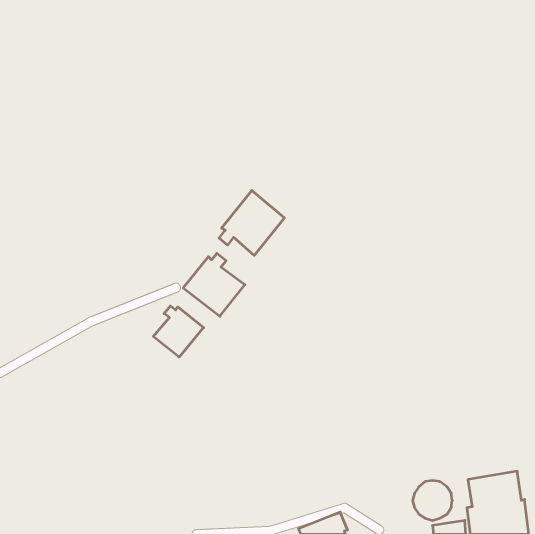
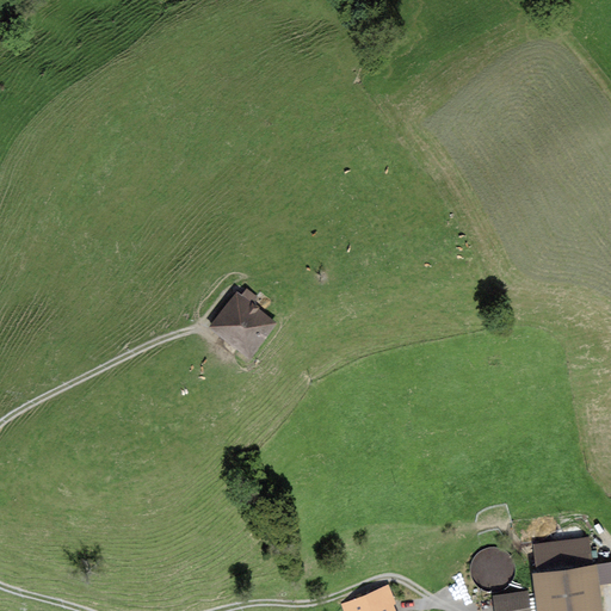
building: [219,190,284,255] -> none
building: [153,306,204,357] -> none

